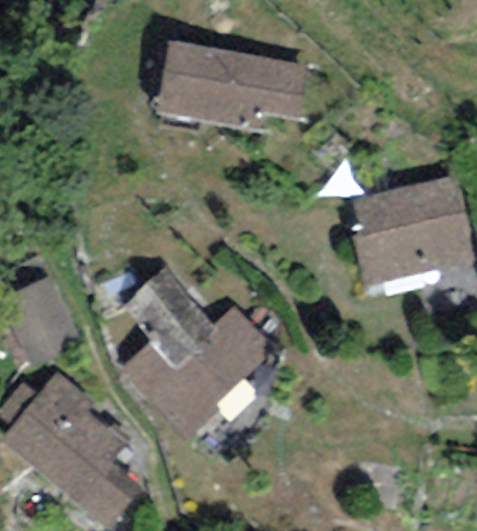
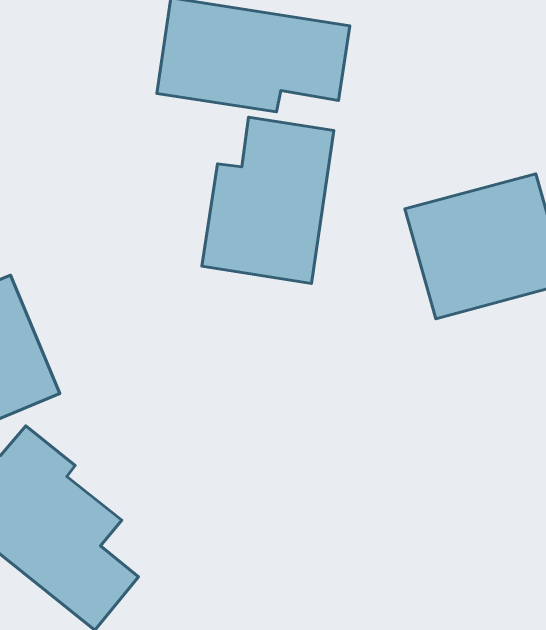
building: none -> [202,117,334,283]
building: [121,269,275,439] -> none

